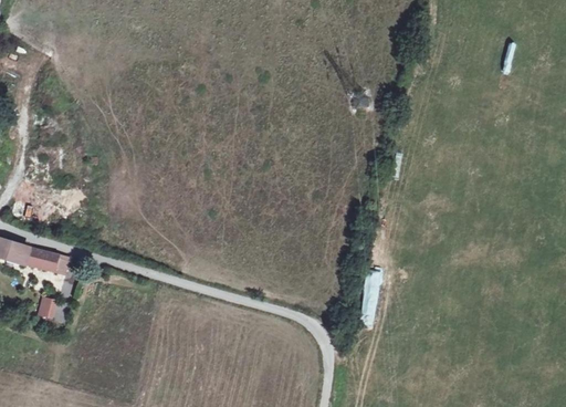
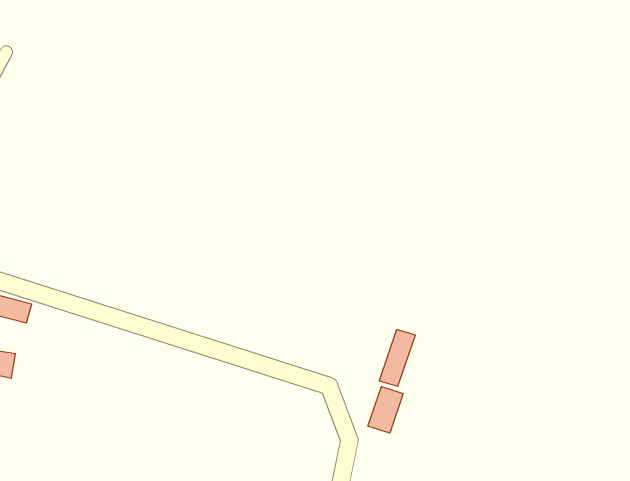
building: none -> [368,387,403,433]

